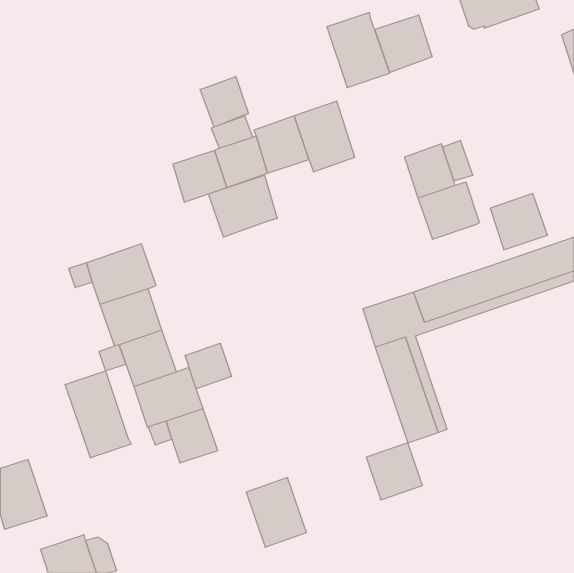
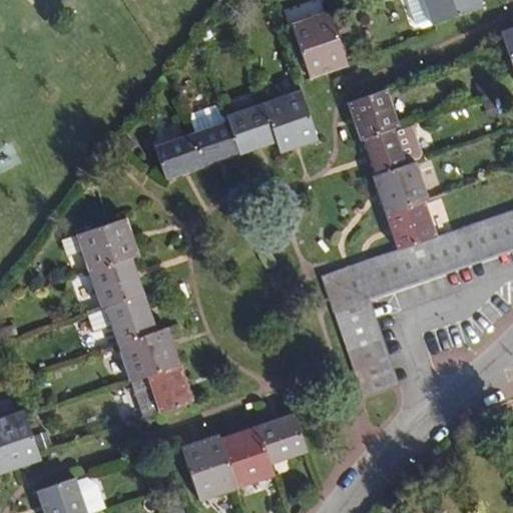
building: [375,15,432,72] -> [348,89,399,140]
building: [200,76,249,127] -> none
building: [209,175,277,237] -> none
building: [490,194,548,250] -> [386,200,437,250]
building: [185,343,231,389] -> none
building: [65,371,131,458] -> none
building: [366,443,422,500] -> [256,413,307,464]
building: none -> [180,434,236,501]

